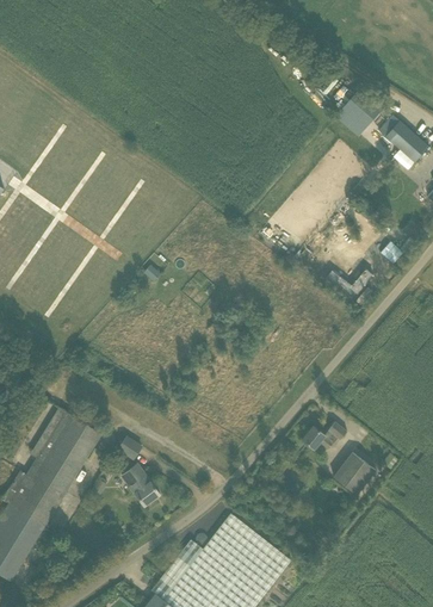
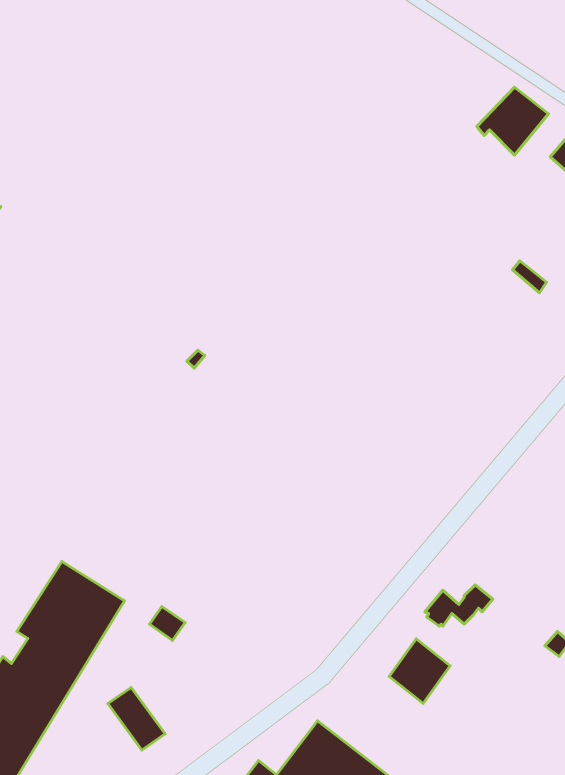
building: [333,453,373,496] -> [389,639,450,703]
building: [120,465,159,507] -> [108,687,165,750]

